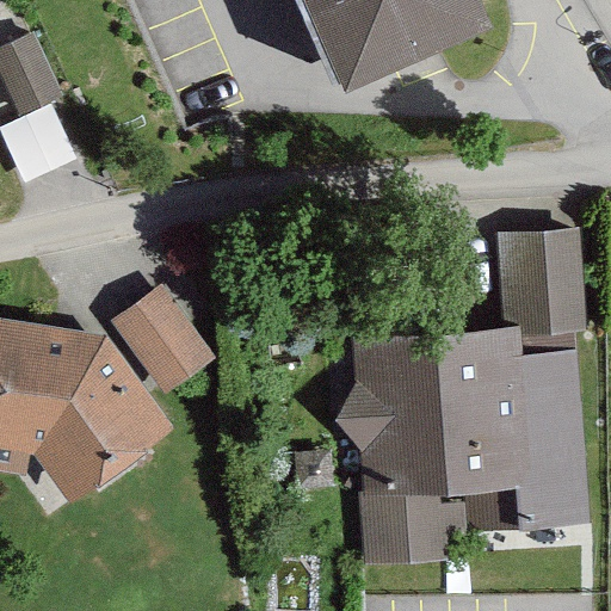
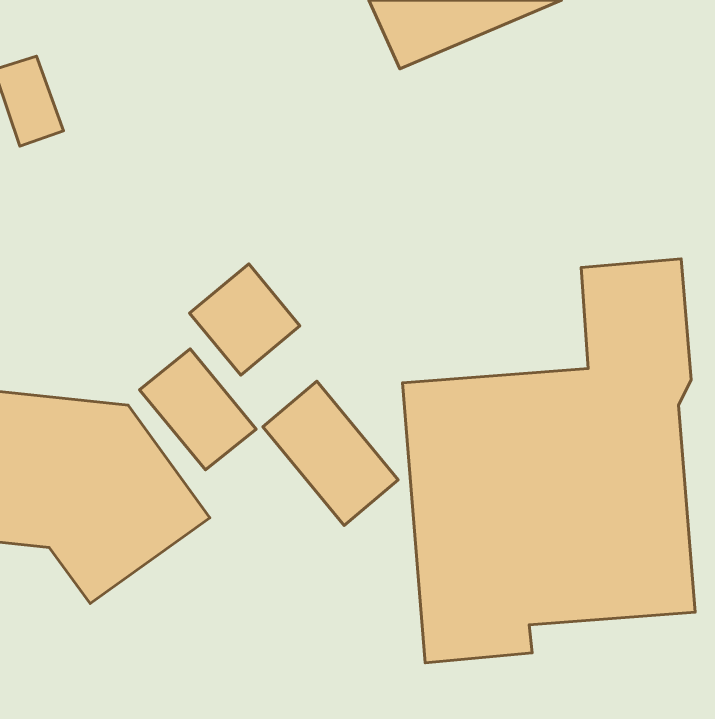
building: none -> [190,264,300,375]
building: none -> [263,381,398,526]

